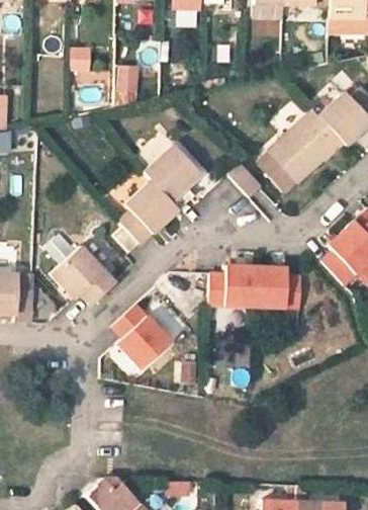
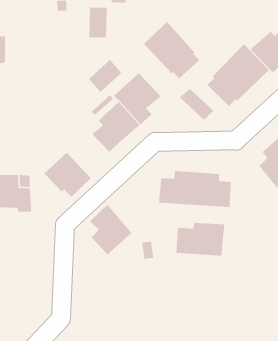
building: none -> [143,21,200,79]
building: none -> [88,59,122,93]
building: none -> [175,222,225,257]

